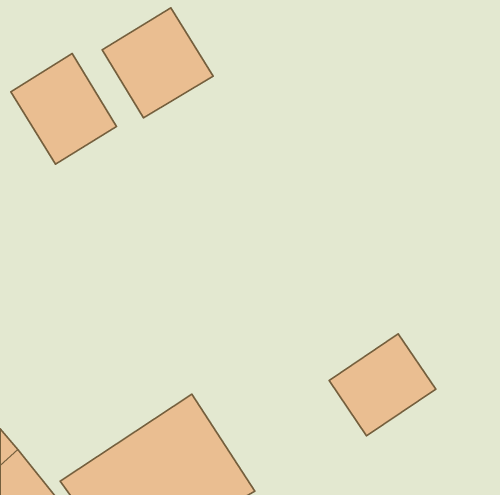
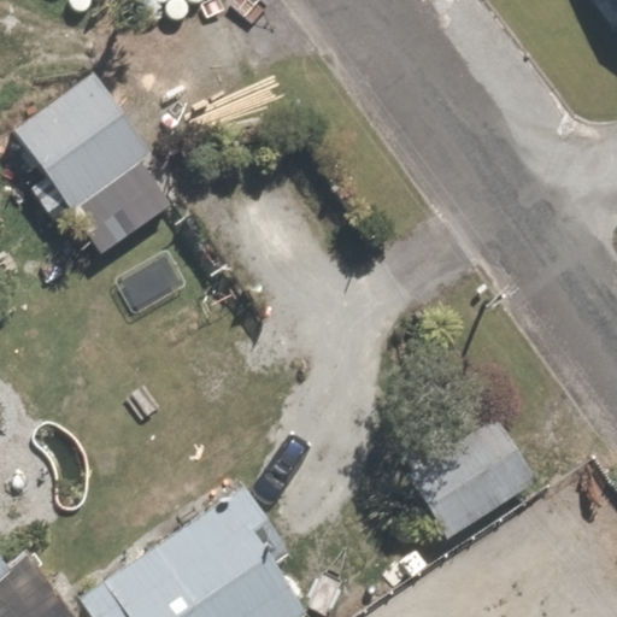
building: [102,8,213,118] -> none

